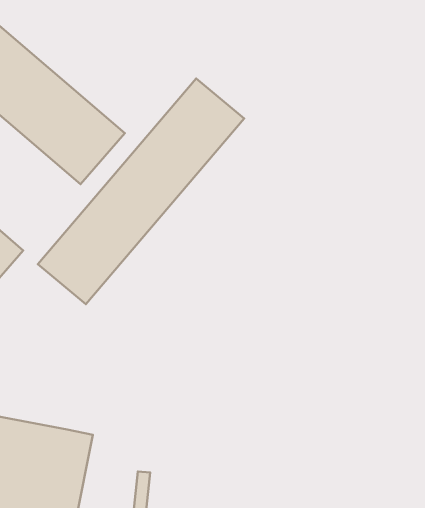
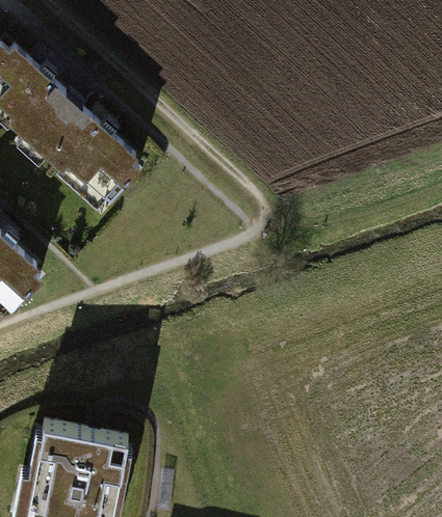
building: [38,79,244,304] -> none

